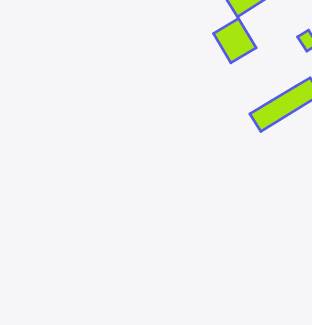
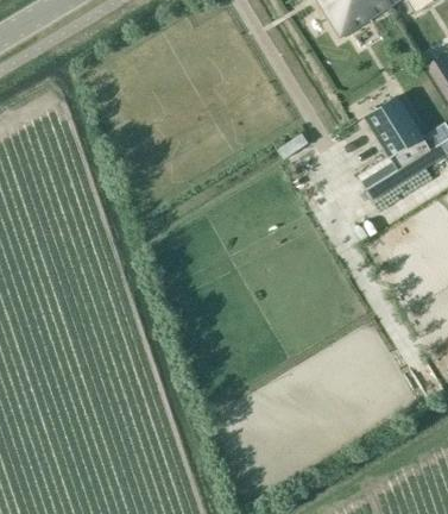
building: [213,18,256,63] -> [364,94,424,157]

